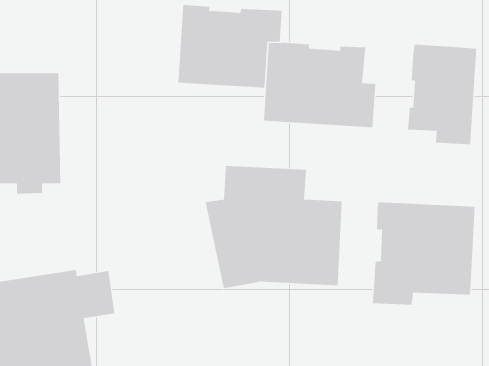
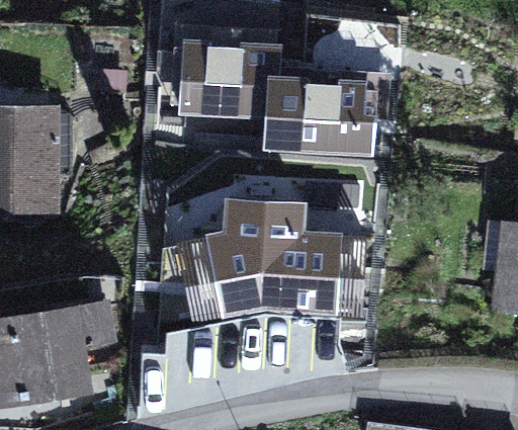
building: [408,44,477,145] -> none
building: [373,202,475,306] -> none

